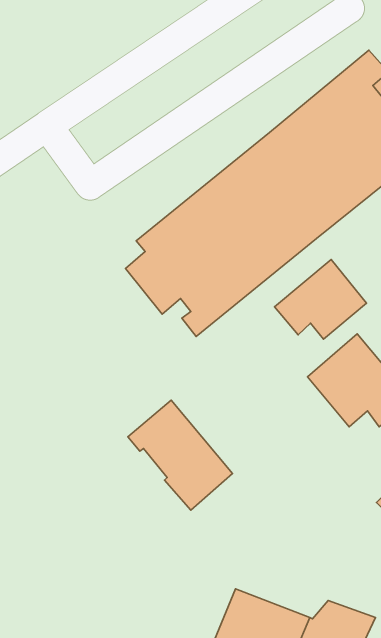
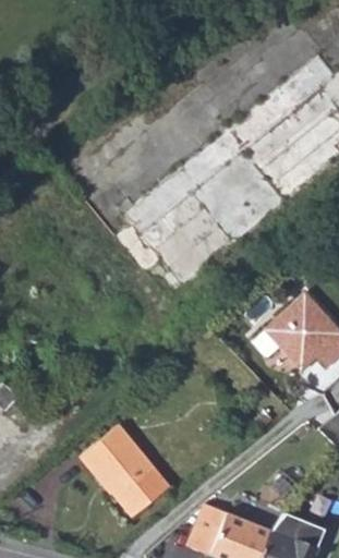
building: [275,260,366,339] -> none
building: [128,400,233,510] -> [82,425,169,517]

